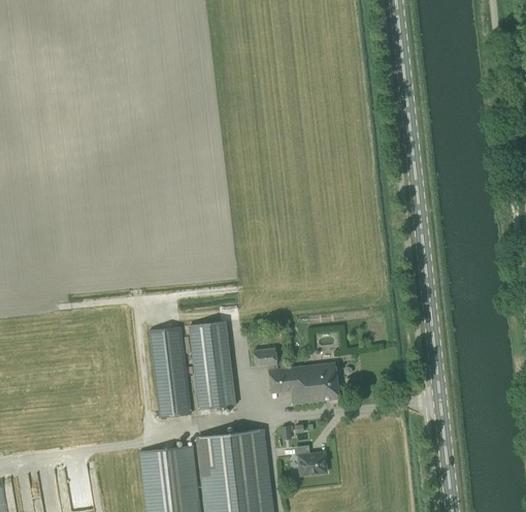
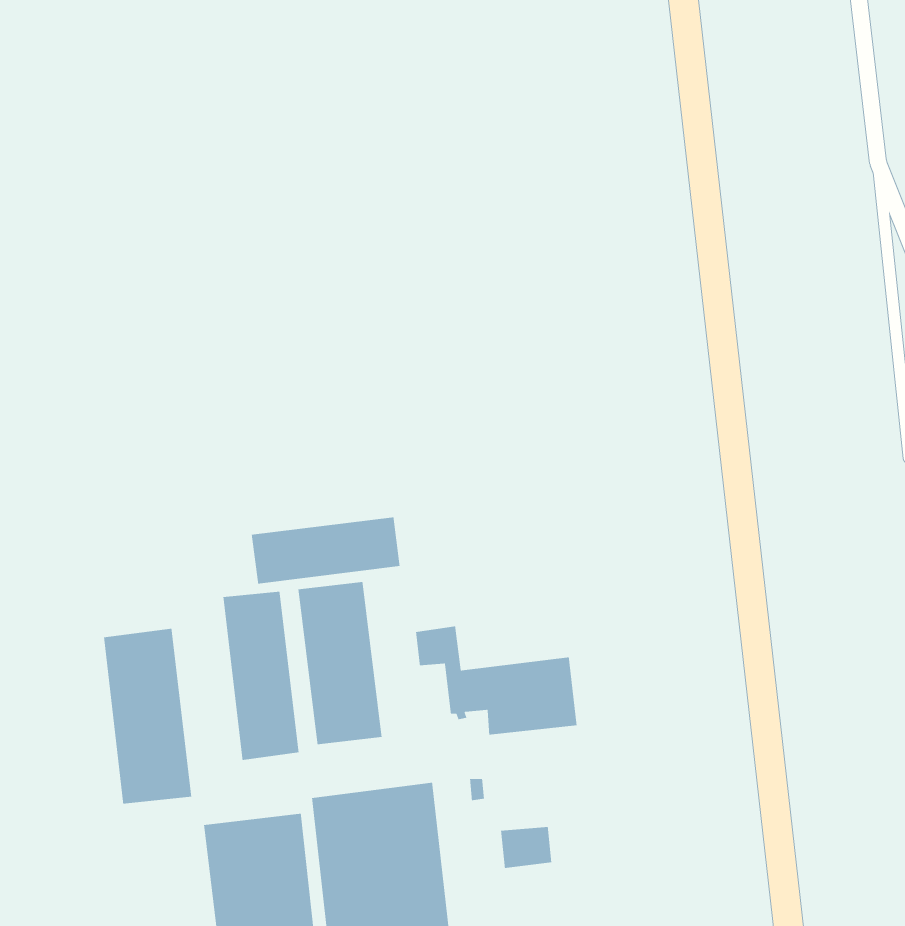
building: none -> [251,516,401,584]
building: none -> [103,628,192,804]

